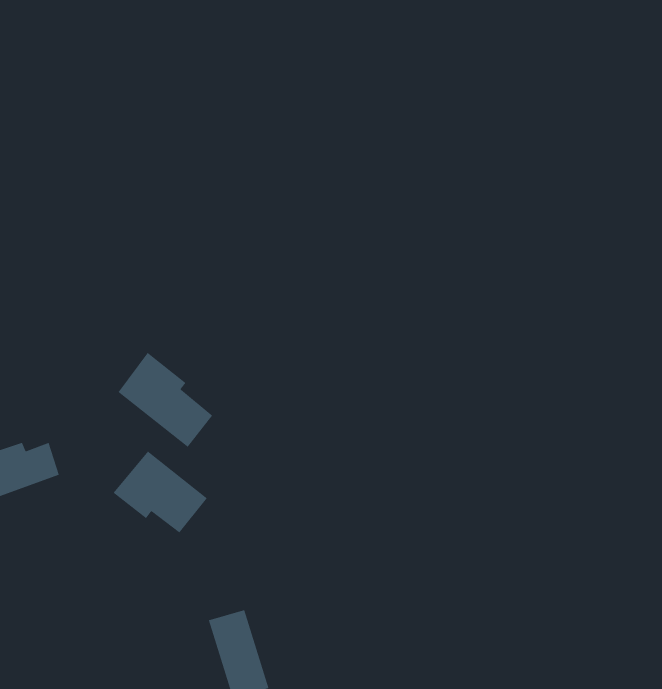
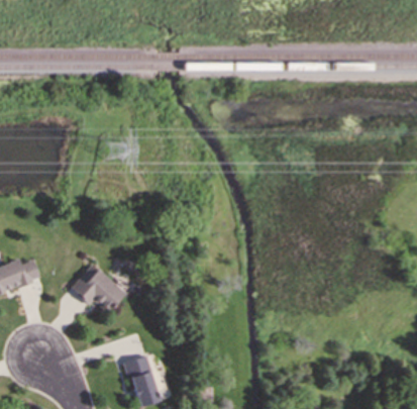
building: [117,352,213,448] -> none

